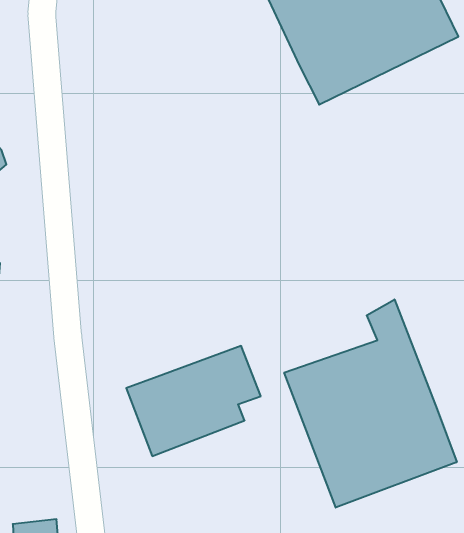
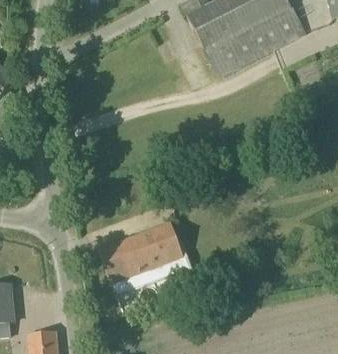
building: [284,299,457,508] -> none

